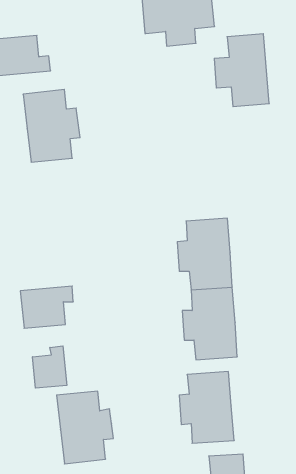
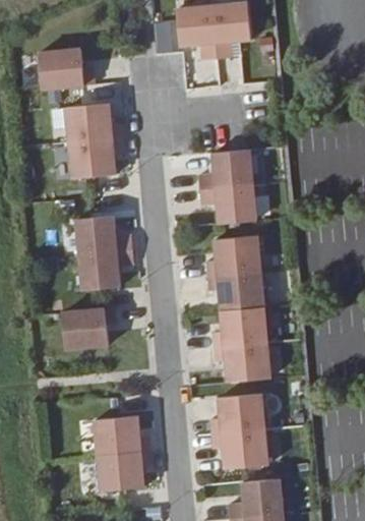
building: [214,34,269,107] -> [206,150,263,225]
building: none -> [67,215,126,291]
building: [33,346,67,388] -> none

